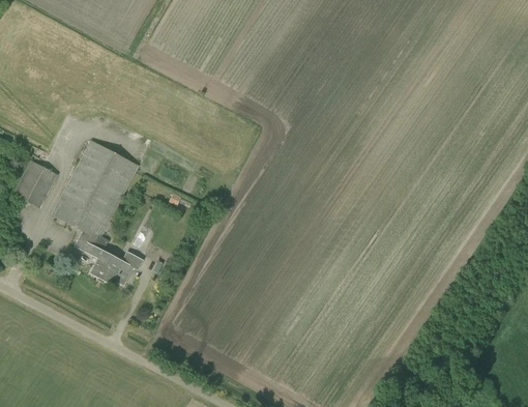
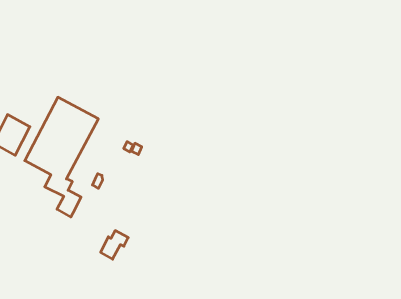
building: [109,251,142,285] -> [101,231,128,259]

